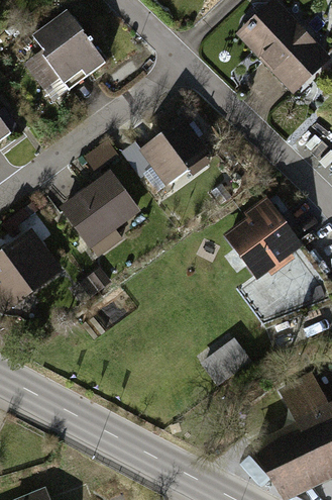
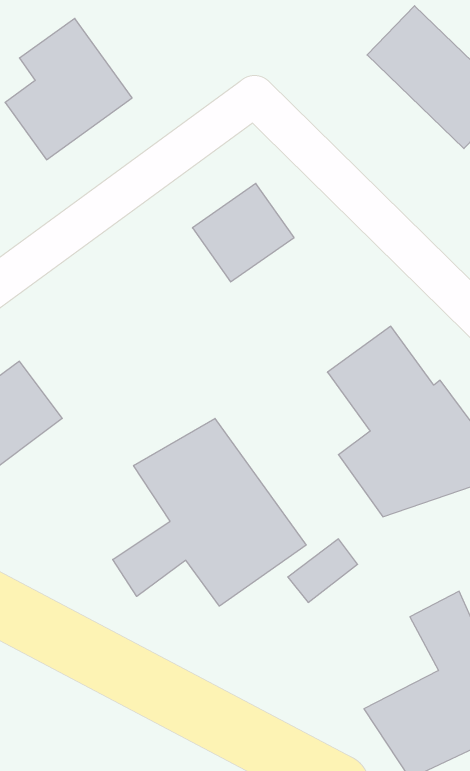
building: [64,173,135,241] -> none
building: none -> [113,418,306,606]

